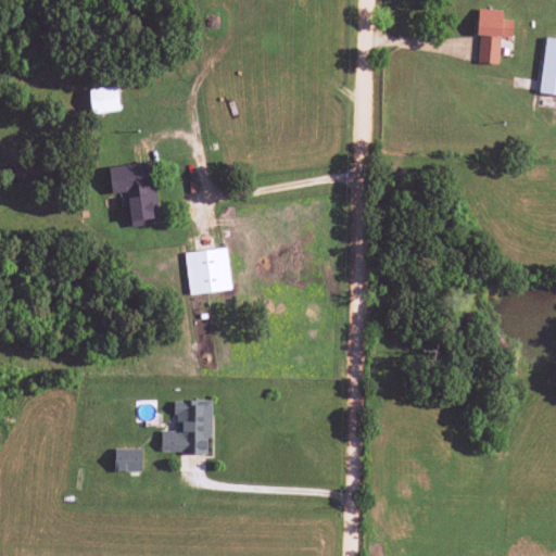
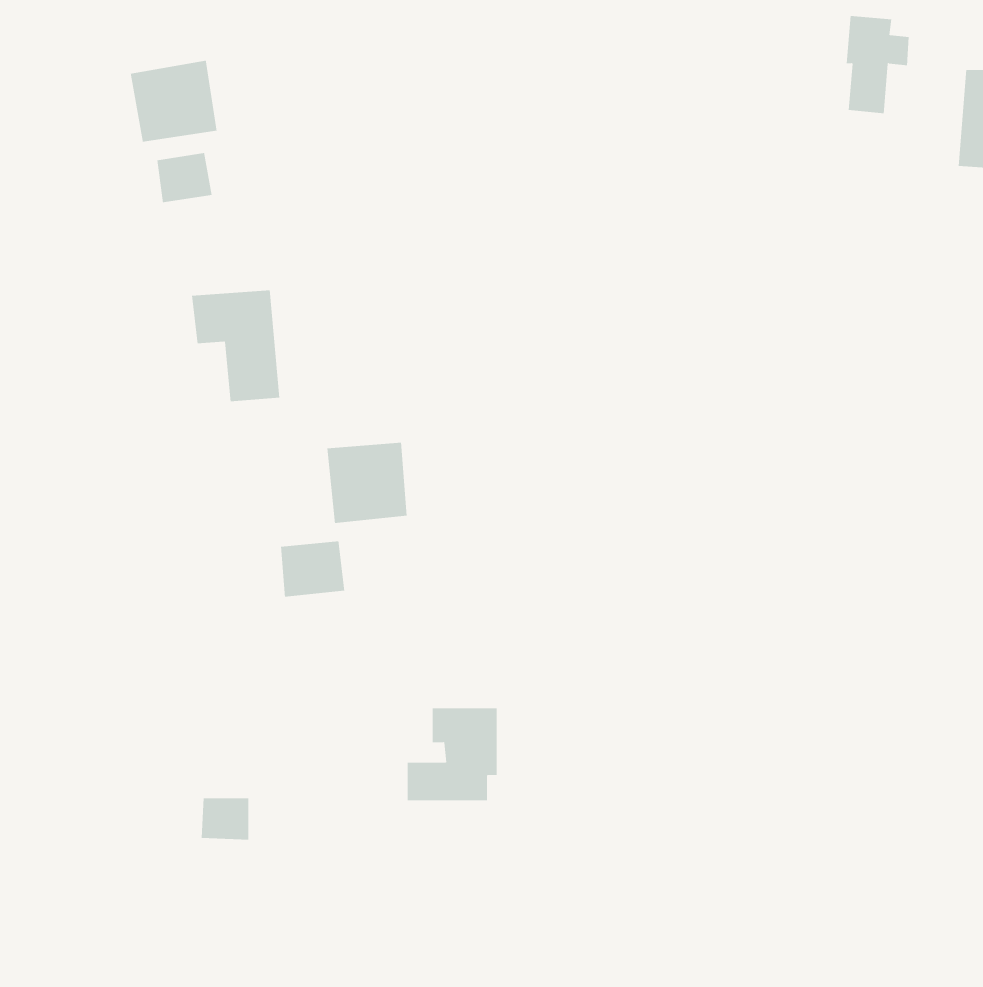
building: none -> [130,60,217,143]
building: none -> [281,540,345,597]
building: [162,401,213,453] -> [407,708,498,801]

